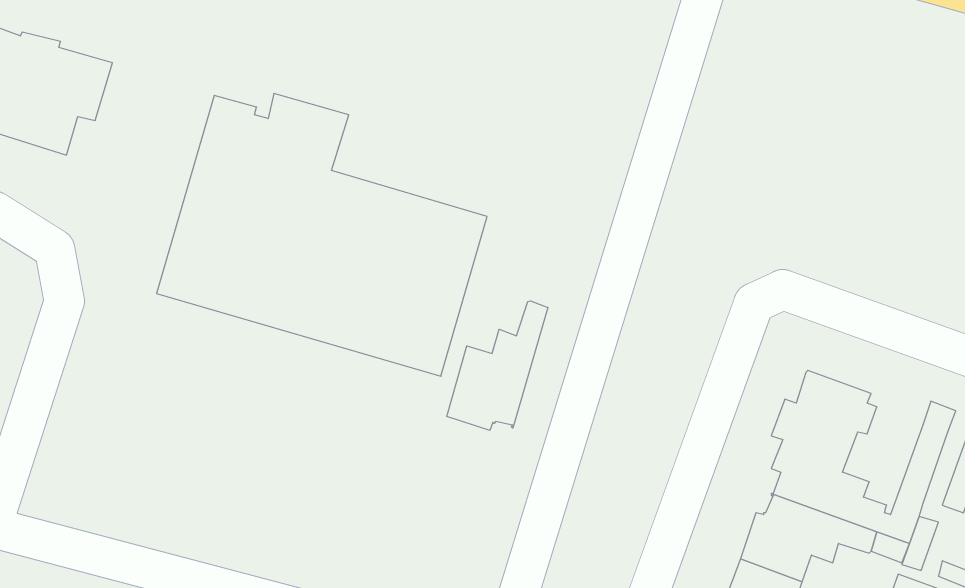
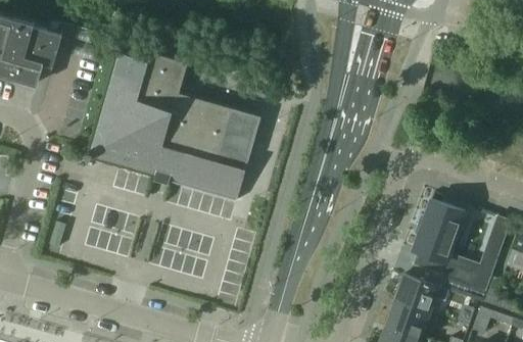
building: [447,301,548,430] -> none

